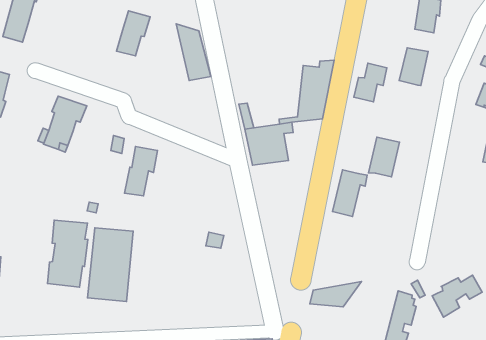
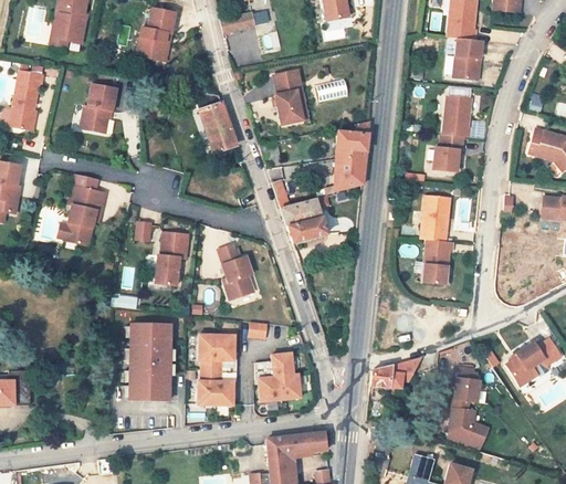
building: none -> [274,69,310,123]
building: [117,11,150,56] -> [82,84,115,133]
building: [354,63,387,102] -> [431,134,464,176]
building: none -> [217,242,253,298]
building: [333,170,367,216] -> [420,238,454,287]
building: [48,220,88,287] -> [198,332,238,402]
building: none -> [254,350,300,399]

